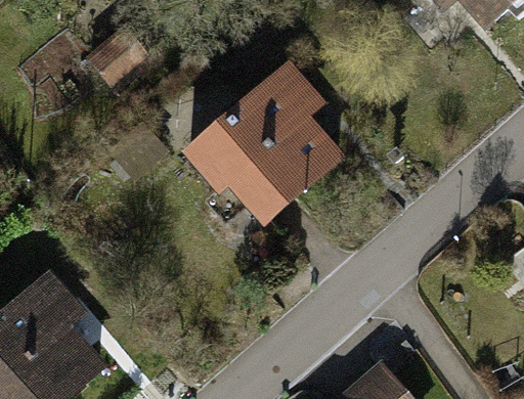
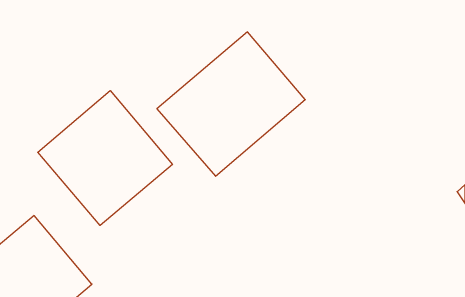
building: none -> [38,91,172,225]

